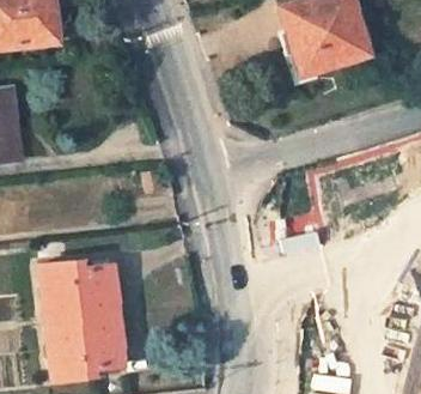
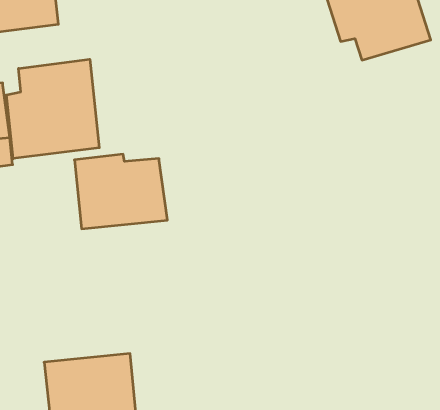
building: none -> [6,59,99,159]
building: [43,262,121,325] -> [74,154,167,229]

